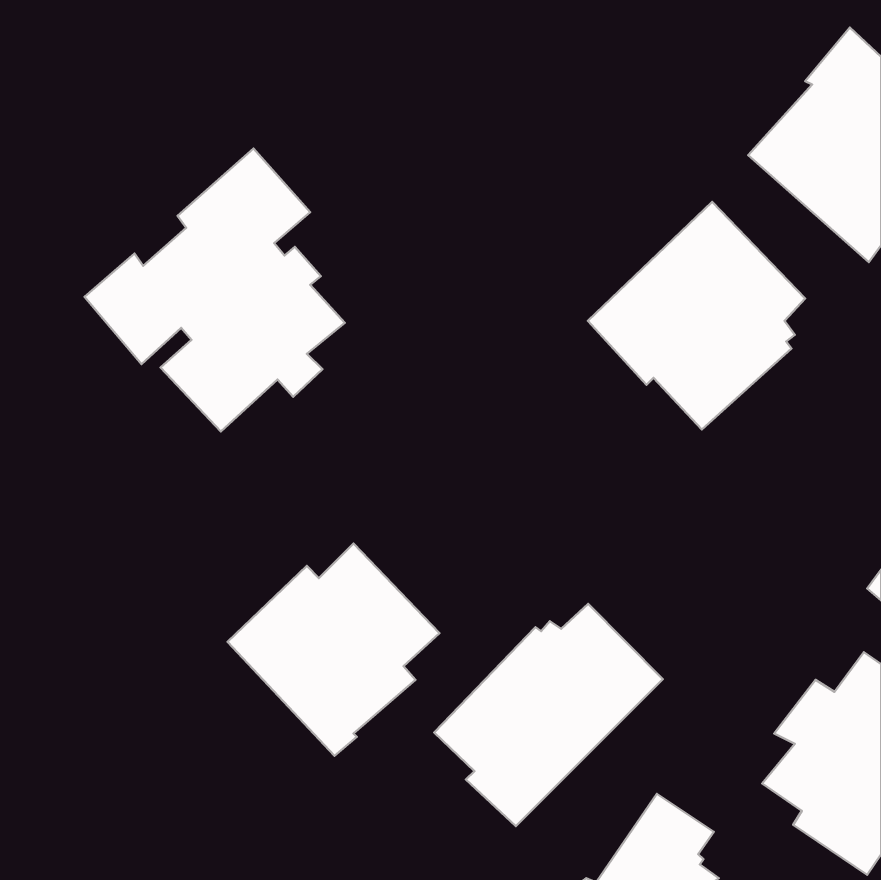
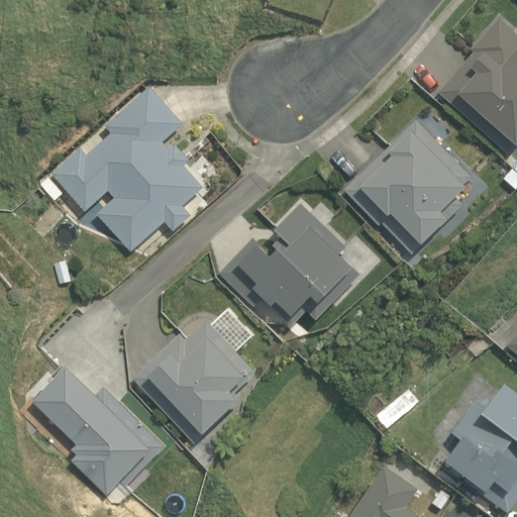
building: none -> [219,203,359,324]
building: [434,604,663,826] -> none
building: none -> [30,368,164,497]

